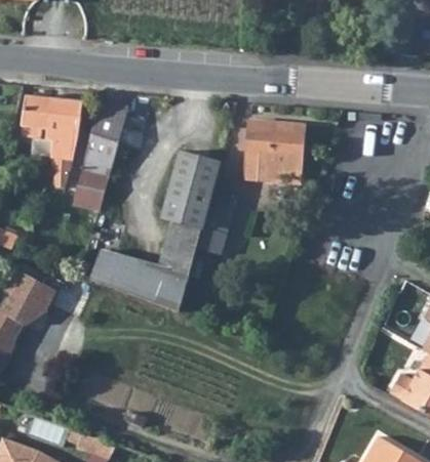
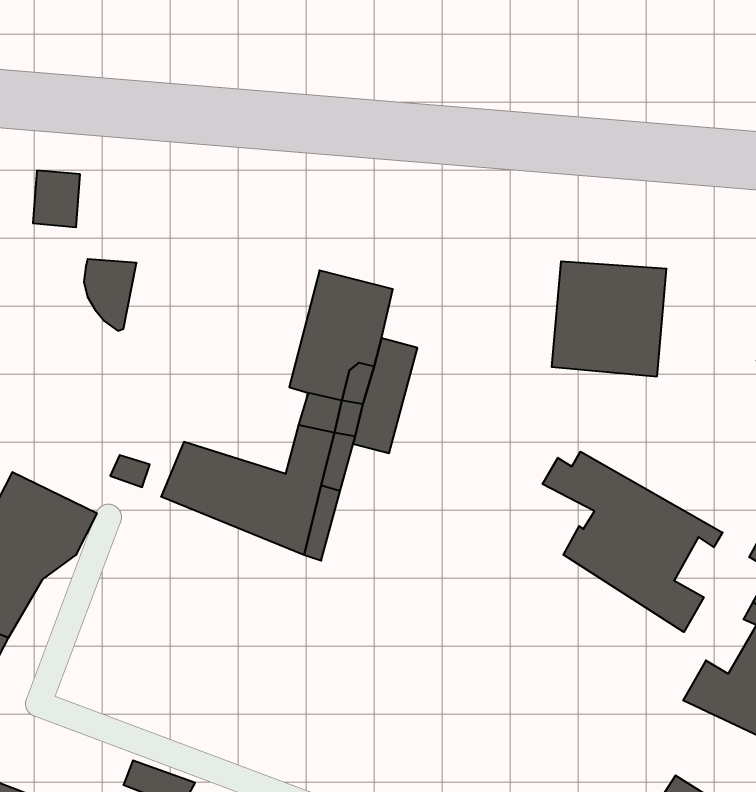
building: [49,104,84,153] -> none
building: [77,110,130,213] -> none
building: [244,128,307,191] -> [552,261,667,376]
building: none -> [543,452,723,632]

